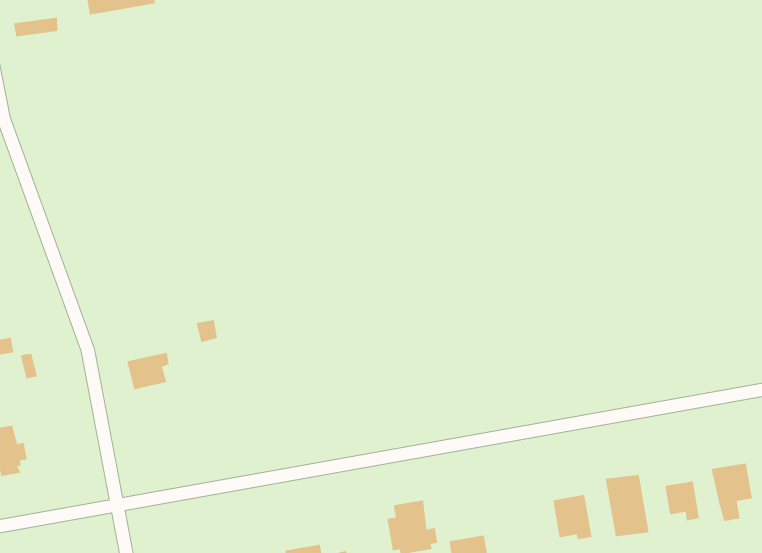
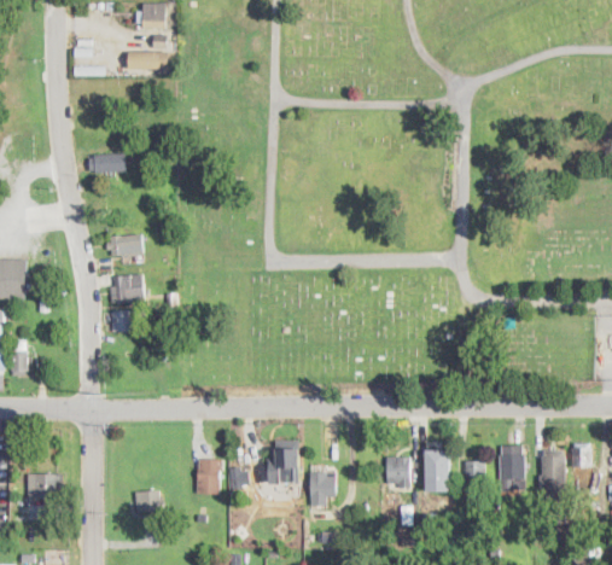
building: none -> [88,152,126,173]
building: none -> [105,233,144,260]
building: none -> [110,273,145,303]

